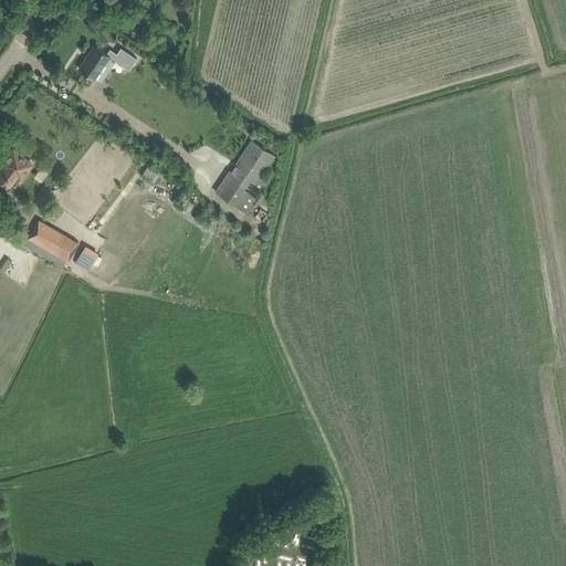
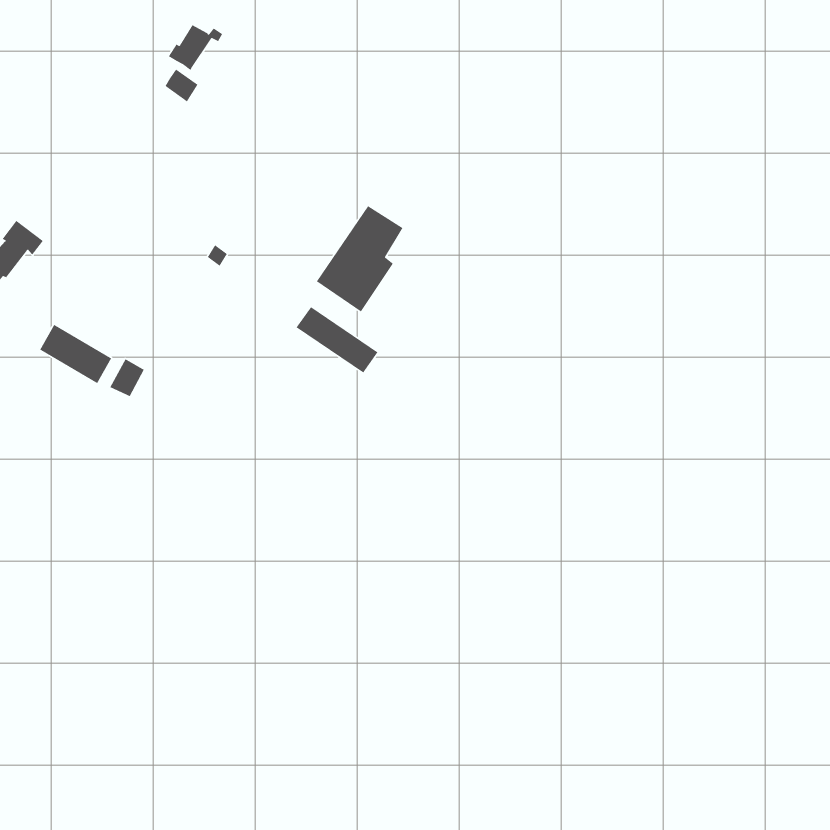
building: [77,48,115,80] -> [168,24,223,71]
building: none -> [296,306,379,374]

